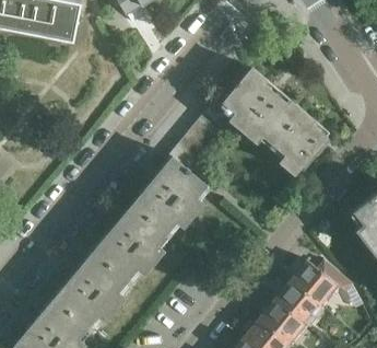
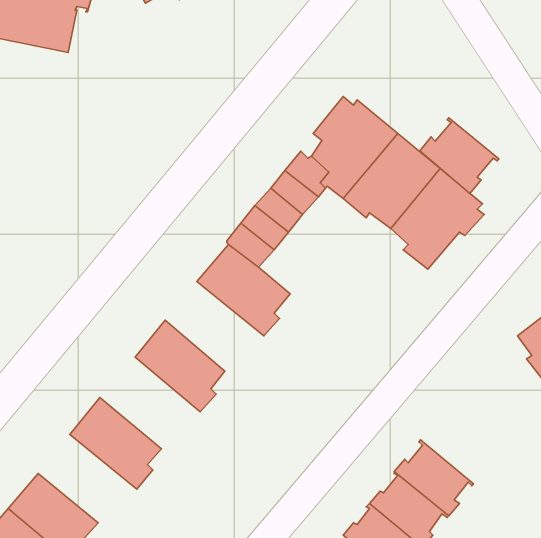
building: none -> [420,118,499,194]
building: [131,181,192,236] -> none
building: [91,228,153,285] -> none
building: [290,259,343,306] -> none
building: [52,276,114,330] -> none

